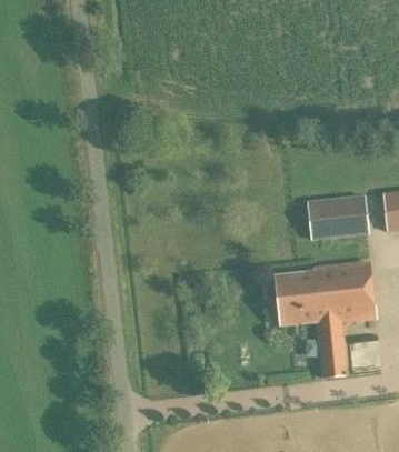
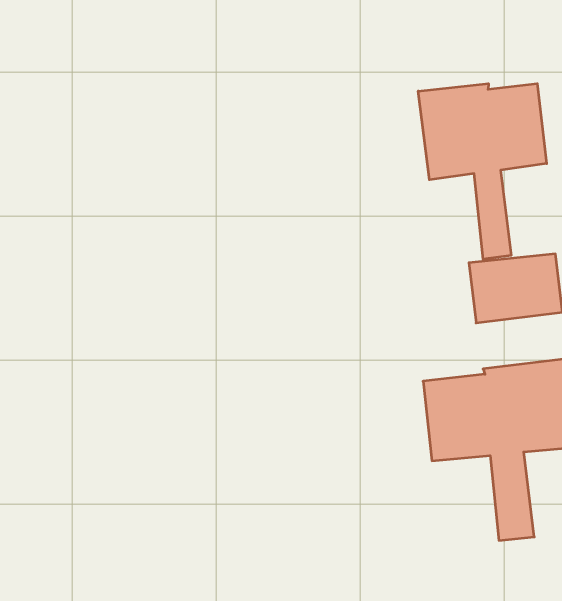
building: none -> [418,84,547,259]

